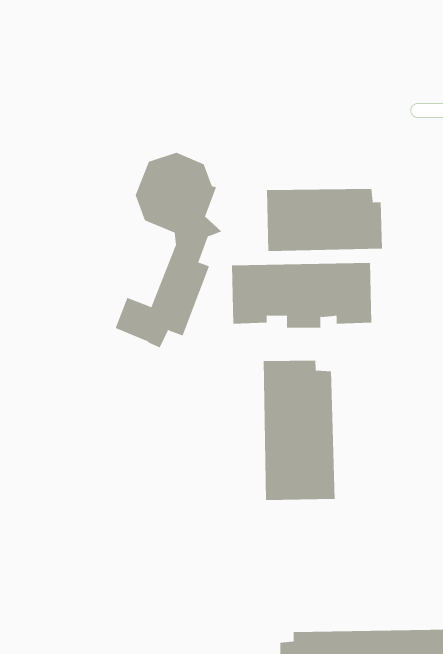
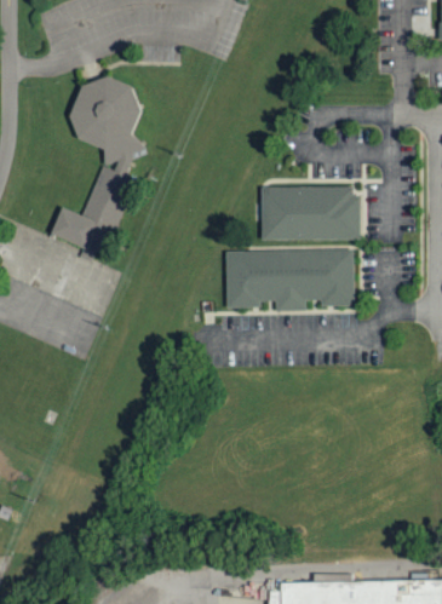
building: [115,152,222,348] -> [45,77,142,254]
building: [263,360,335,501] -> none

